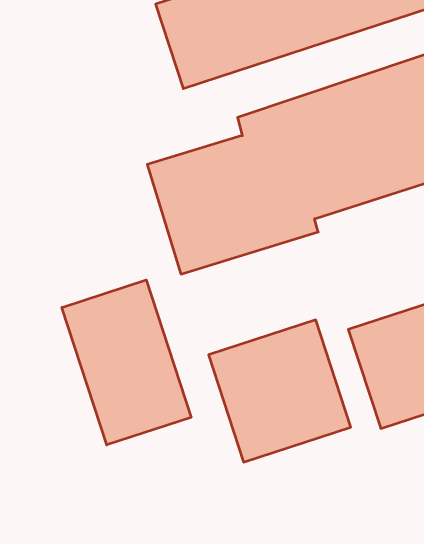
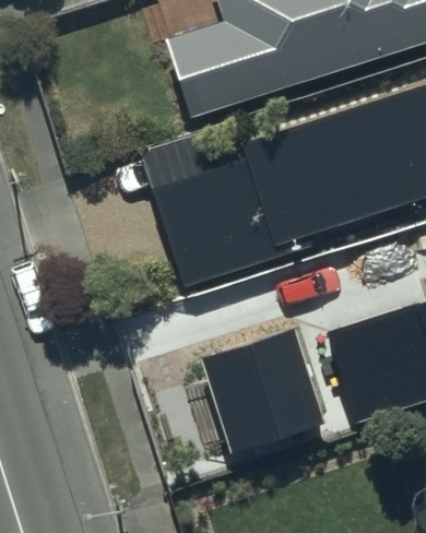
building: [62,280,191,445] -> none

